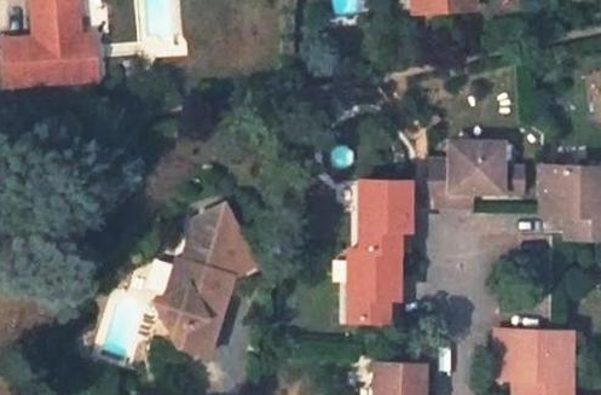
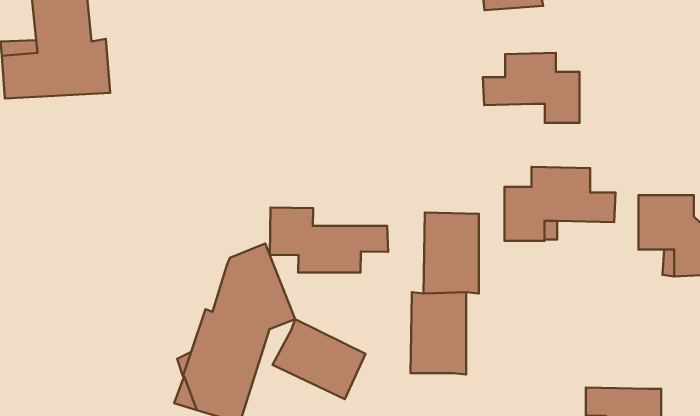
building: none -> [483,53,579,123]
building: none -> [270,208,388,273]
building: none -> [272,319,366,399]

